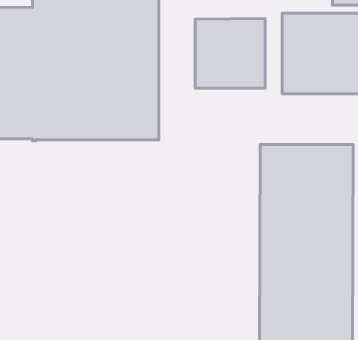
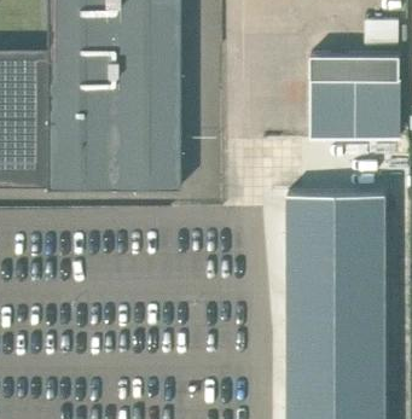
building: [195,18,265,88] -> none

